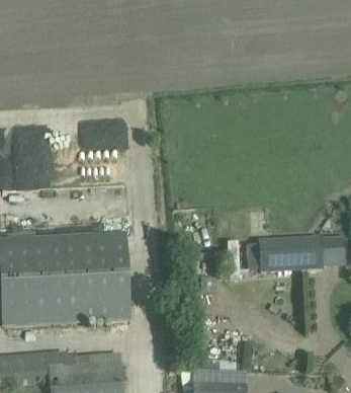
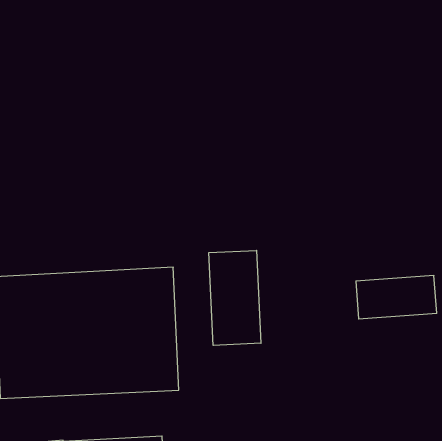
building: none -> [209,250,261,345]

